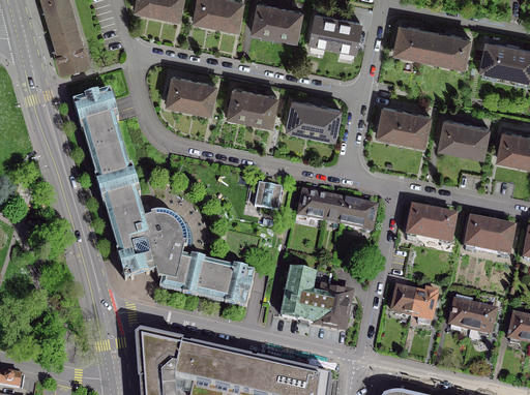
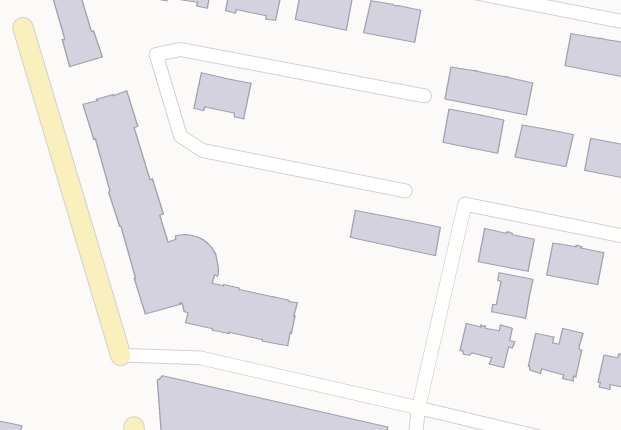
building: [394,24,469,64] -> [445,67,533,115]
building: [227,87,276,126] -> none
building: [288,99,340,141] -> none
building: [255,178,282,210] -> none
building: none -> [492,273,533,319]
building: [282,268,354,329] -> none

